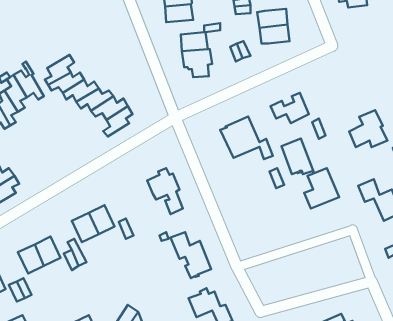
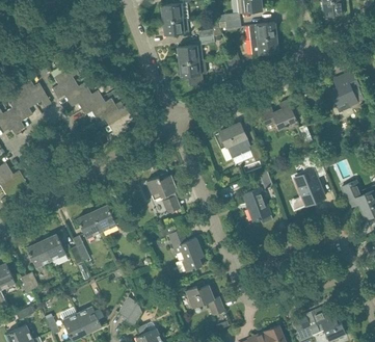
building: [349,110,387,147] -> [327,71,363,105]
building: [282,138,314,174] -> [242,187,272,220]

